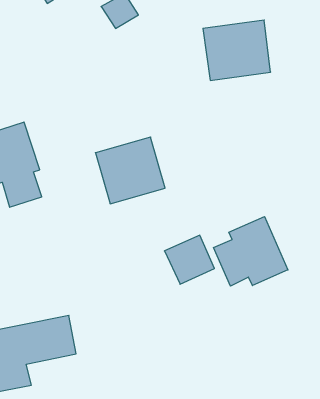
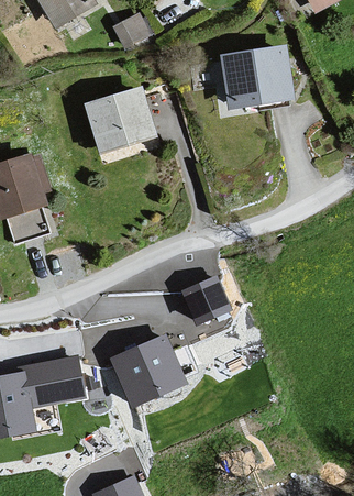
building: [95,137,165,204] -> [85,87,158,157]
building: [213,217,288,286] -> none
building: none -> [109,333,188,408]

